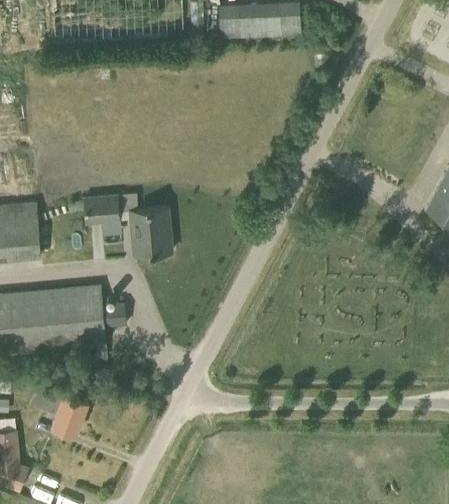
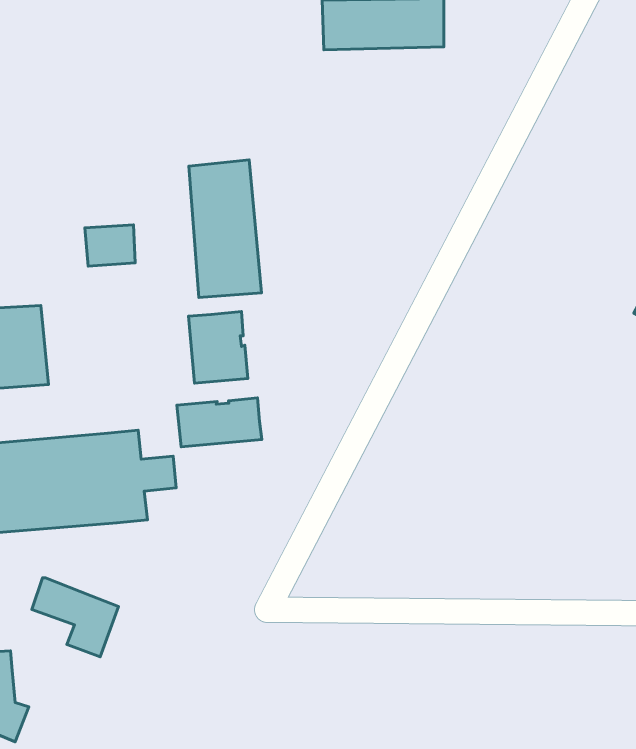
building: none -> [189,160,261,298]
building: [86,196,119,223] -> [85,225,135,266]
building: none -> [177,398,262,447]

